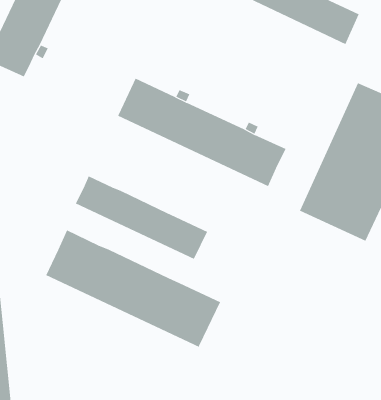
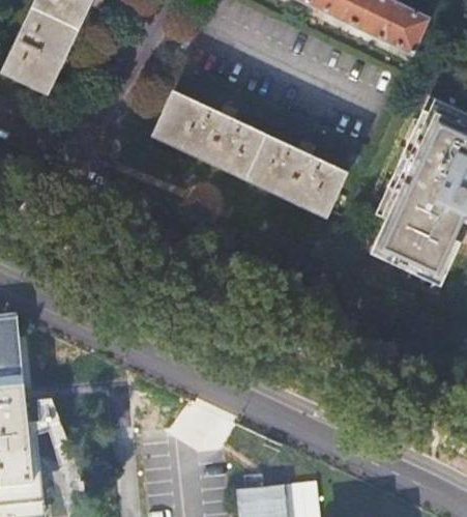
building: [75,175,208,260] -> none
building: [45,230,221,348] -> none

